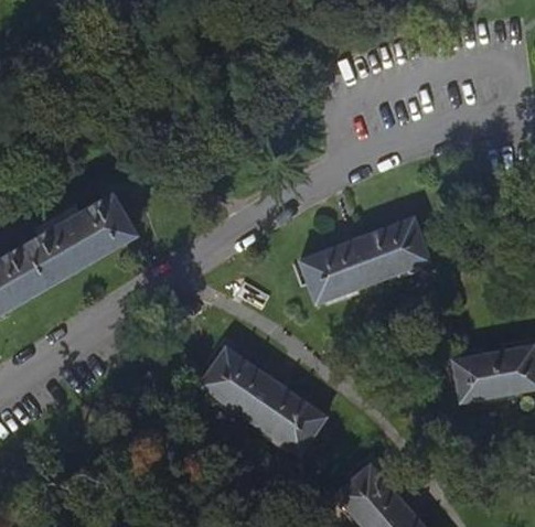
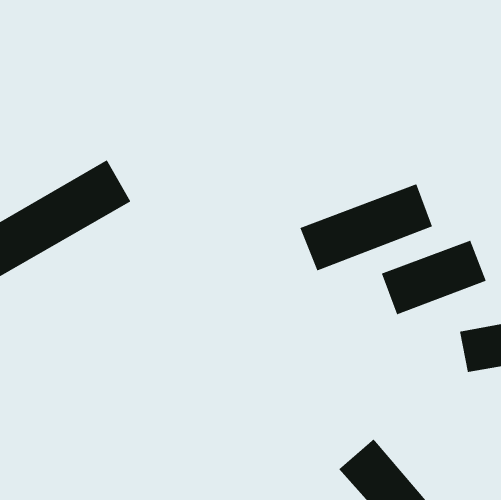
building: none -> [381,240,486,315]
building: [201,347,325,453] -> none

